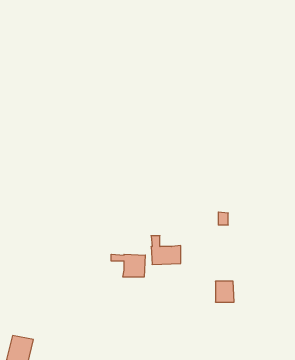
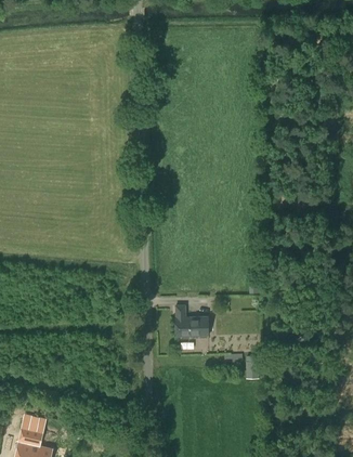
building: [111,254,145,277] -> none

